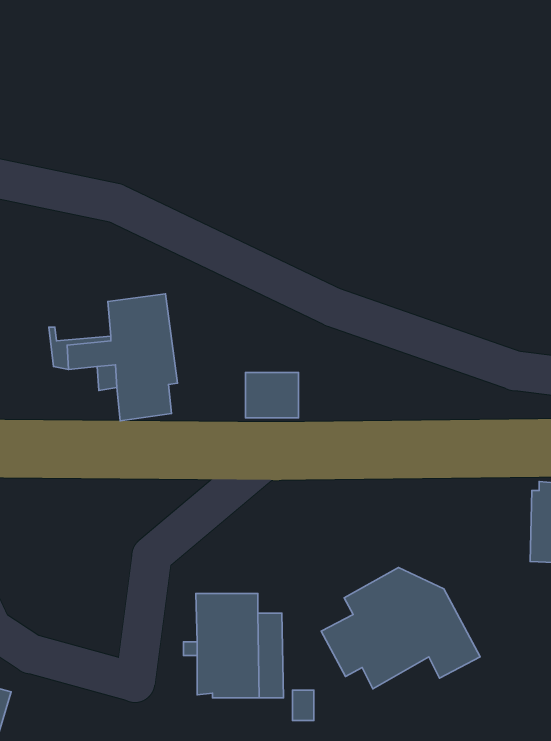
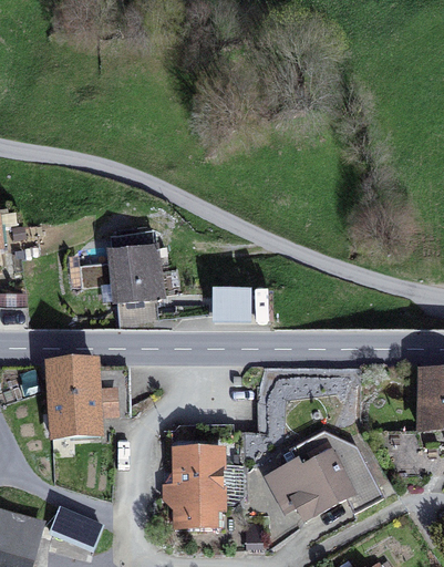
building: none -> [47,362,127,436]
building: none -> [49,507,100,549]

